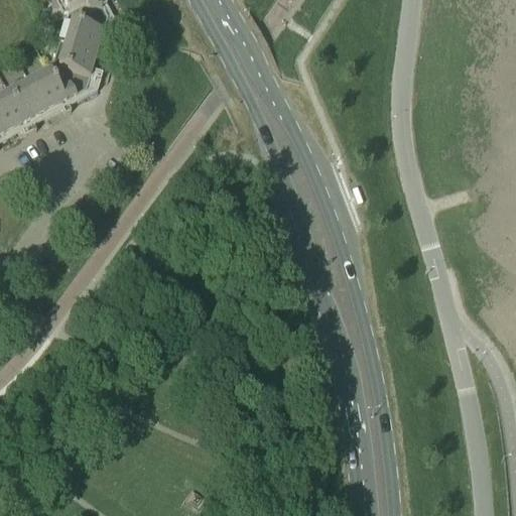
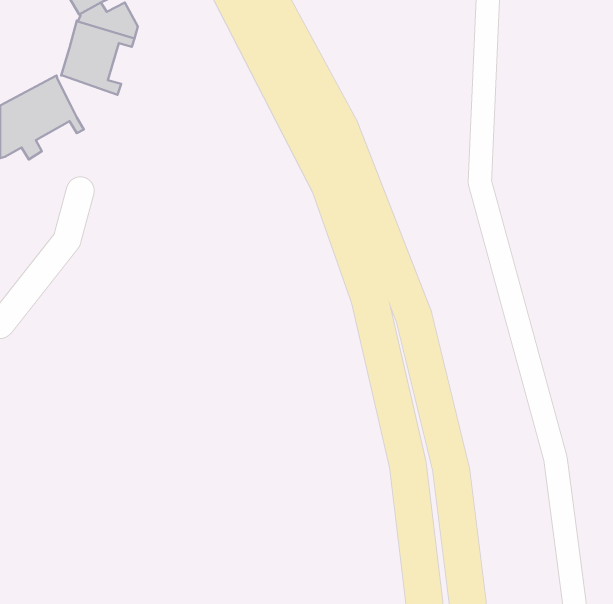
building: [48,63,99,99] -> none

